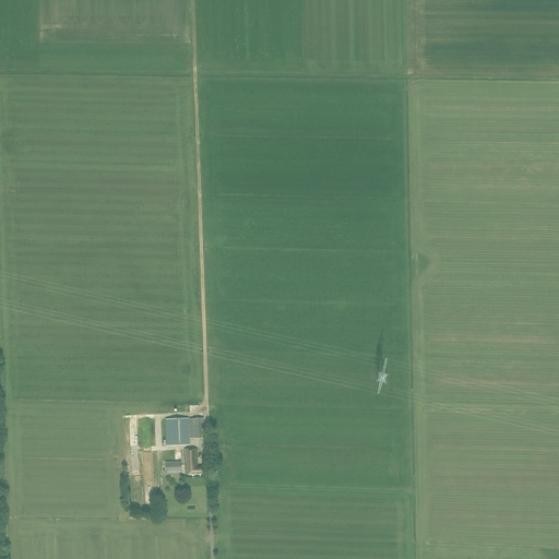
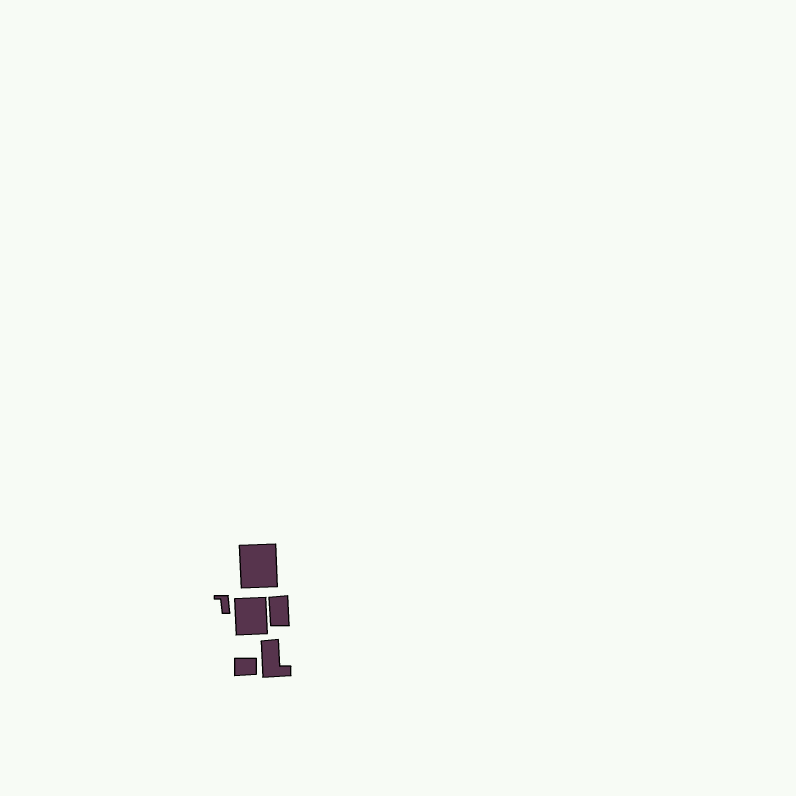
building: none -> [240,544,277,588]

